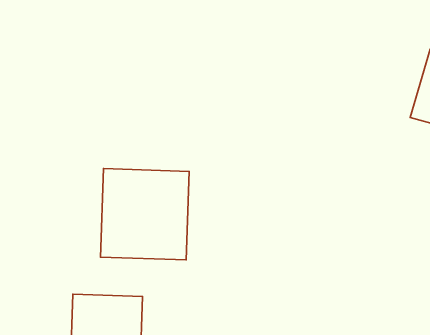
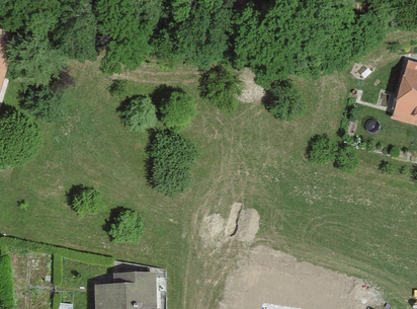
building: [101,169,189,260] -> none

